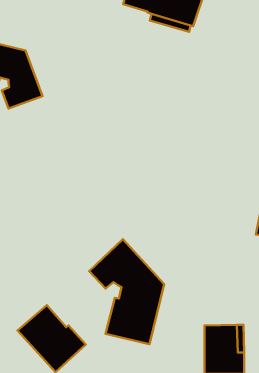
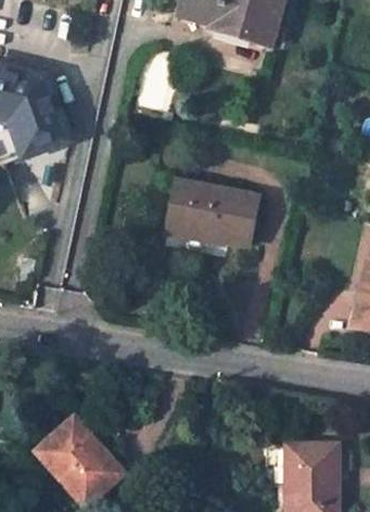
building: none -> [167,179,255,243]
building: [89,239,164,344] -> none

